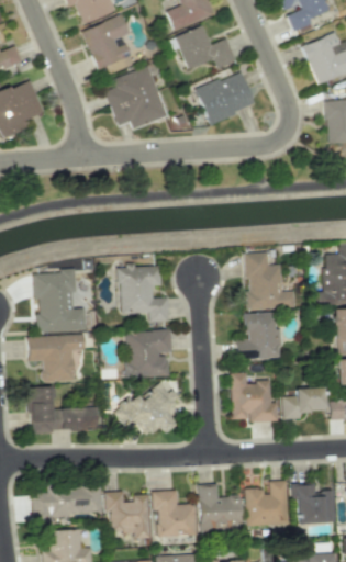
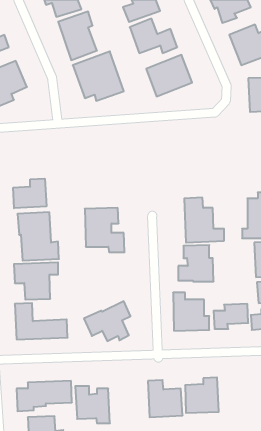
building: none -> [13,179,46,208]
building: [126,329,172,378] -> none
building: [292,482,335,524] -> none
building: [153,490,197,536] -> none

